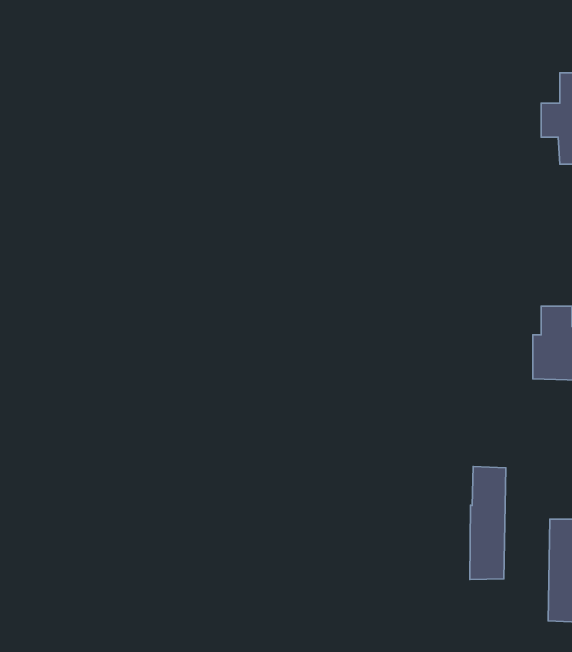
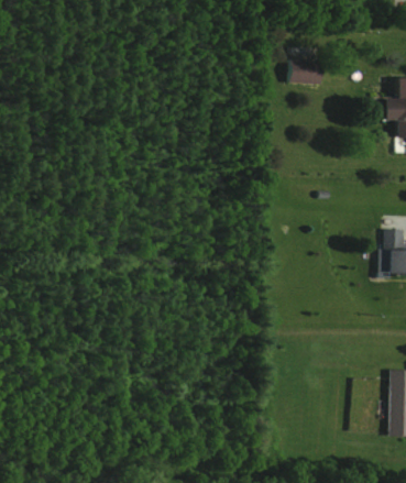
building: none -> [289,58,321,84]
building: [470,466,506,579] -> none

